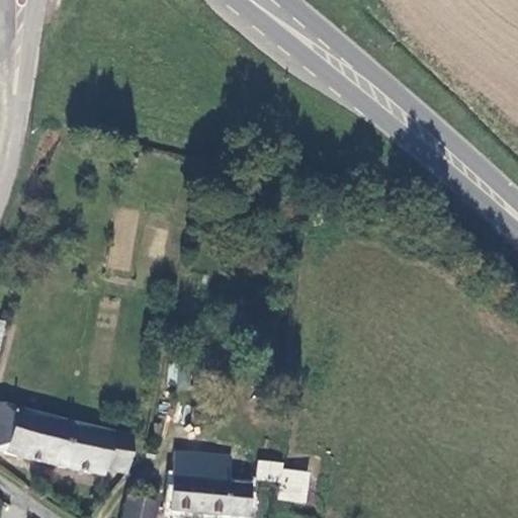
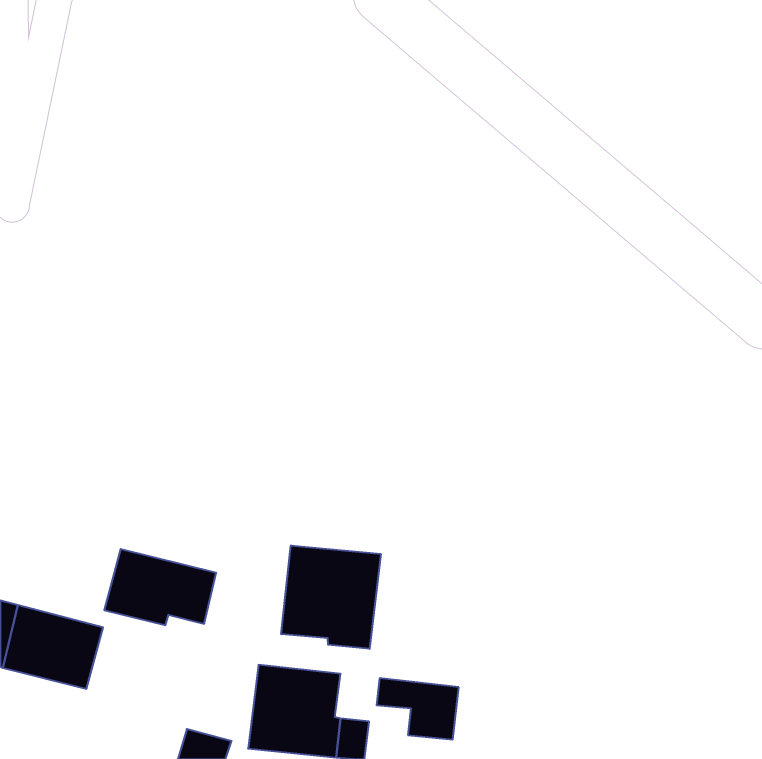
building: none -> [281,545,381,649]
building: [60,425,136,477] -> [104,549,216,625]

